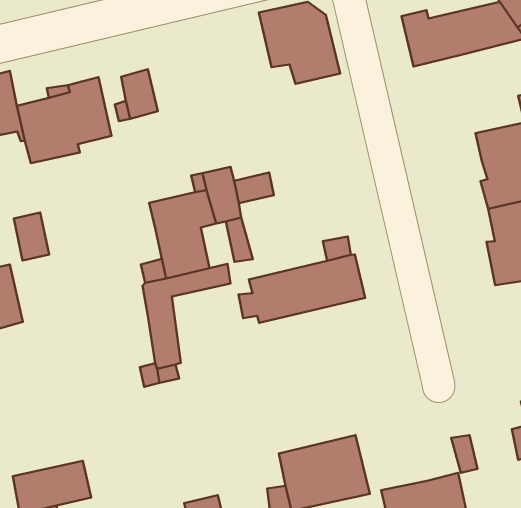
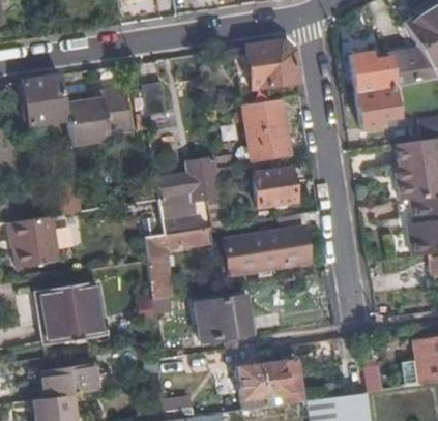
building: none -> [355,87,395,129]
building: none -> [246,110,290,160]
building: none -> [253,168,296,207]
building: none -> [47,279,116,342]
building: none -> [196,297,249,339]

